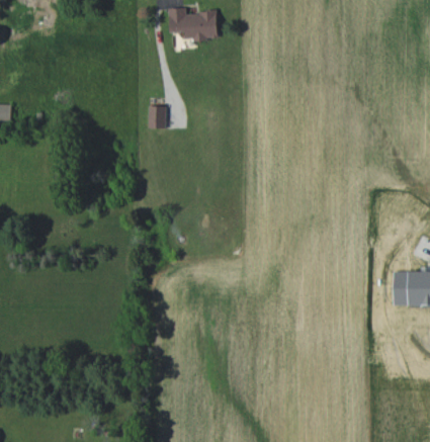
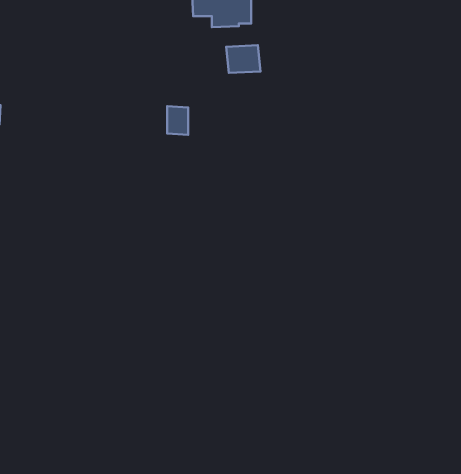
building: none -> [226,45,260,73]

